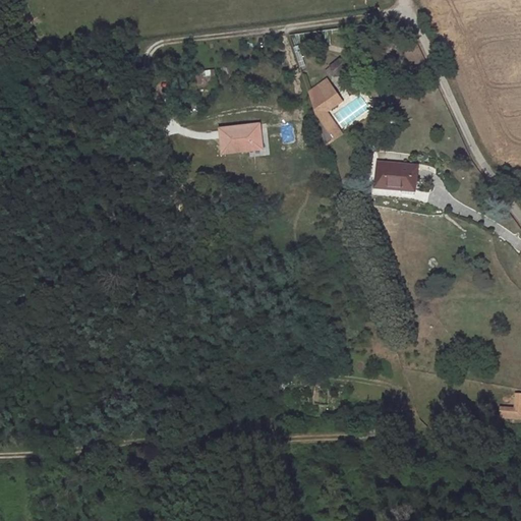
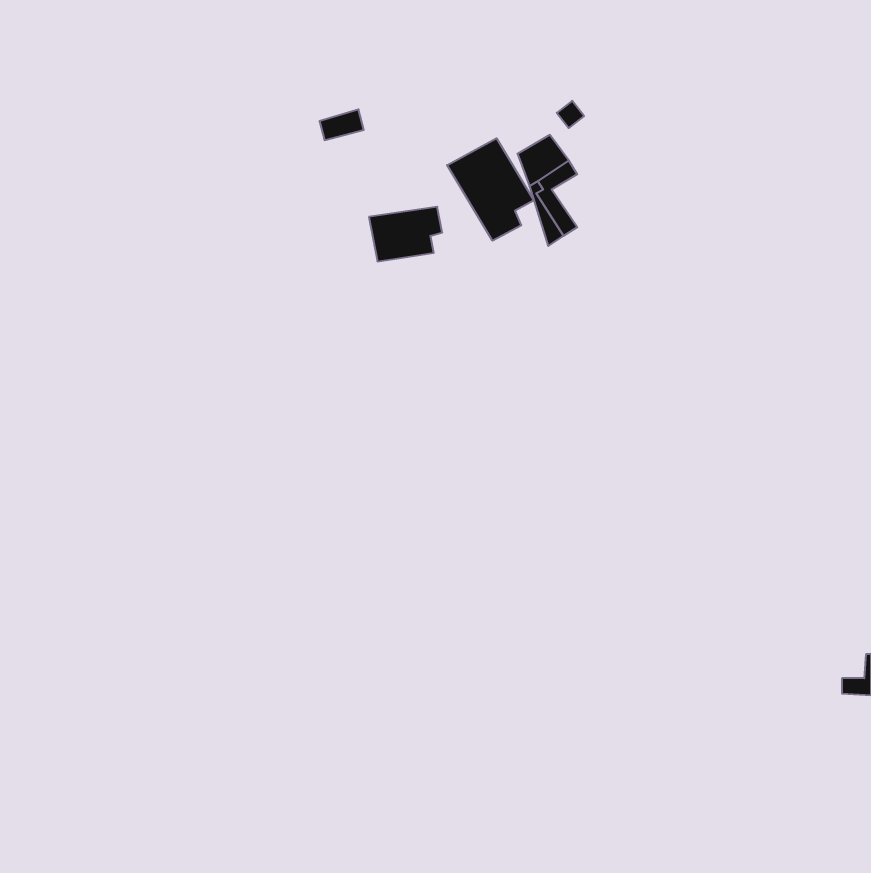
building: none -> [447,138,534,241]
building: [370,161,412,184] -> none

